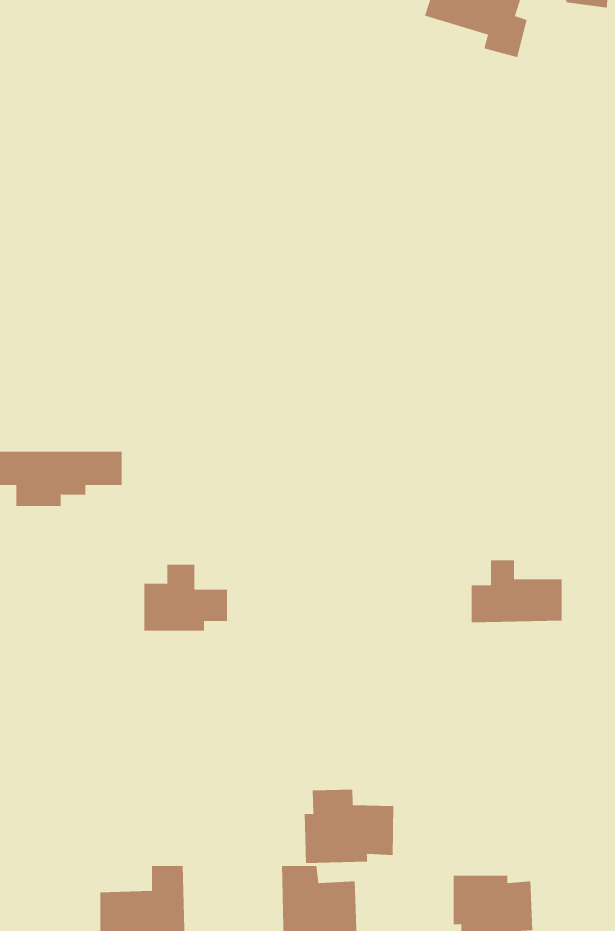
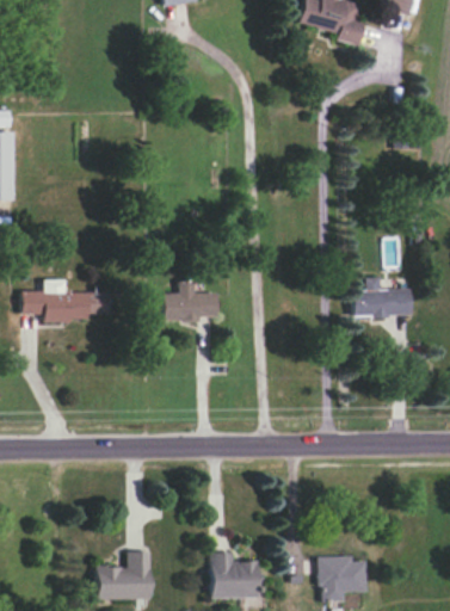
building: [471,560,563,623] -> [353,276,411,315]
building: [144,564,228,631] -> [161,279,214,321]
building: [304,789,394,864] -> none

